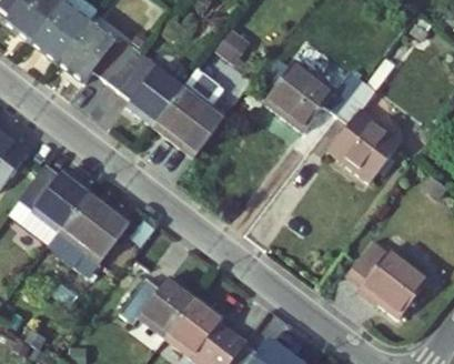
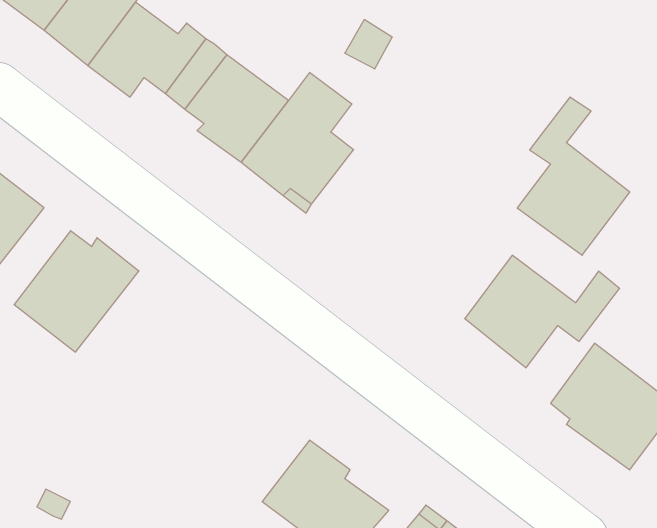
building: [263,60,361,131] -> [465,255,620,368]
building: [48,191,127,276] -> none
building: [121,276,196,336] -> none

